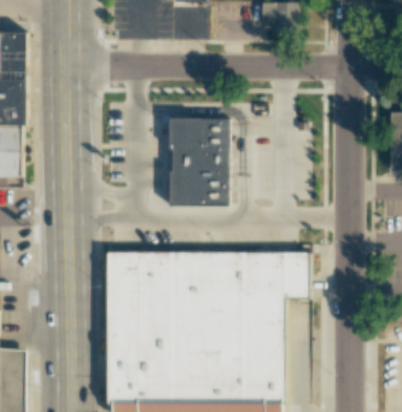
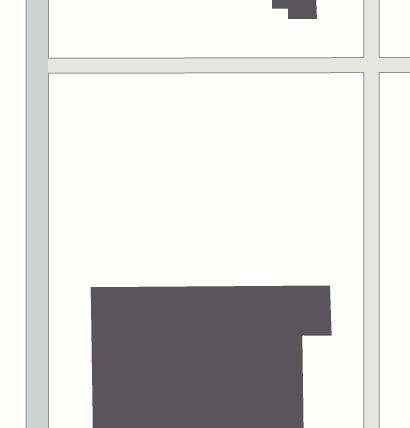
building: [167,122,226,211] -> none

